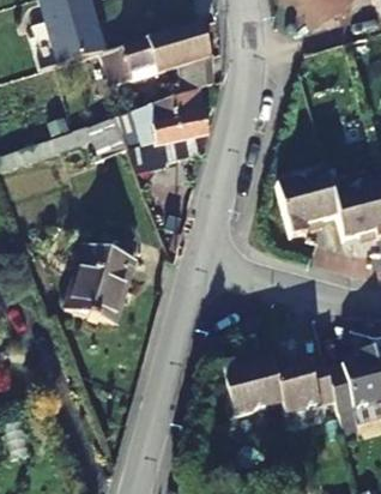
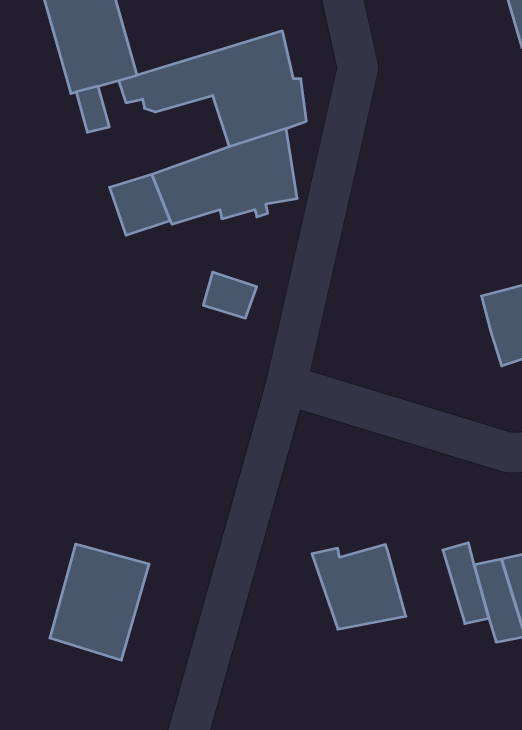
building: [274,171,335,237] -> none
building: [71,246,135,321] -> [50,544,149,660]
building: [268,356,319,414] -> none

